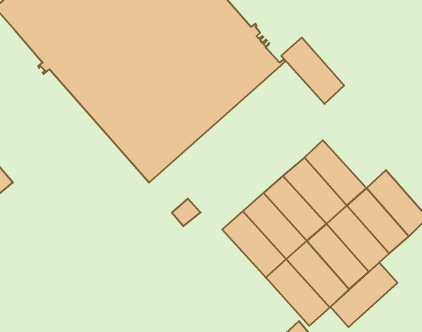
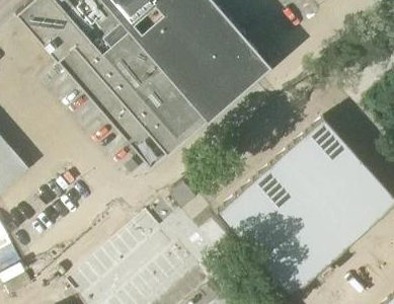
building: [281,38,344,104] -> [305,117,361,175]
building: [330,263,397,327] -> none

